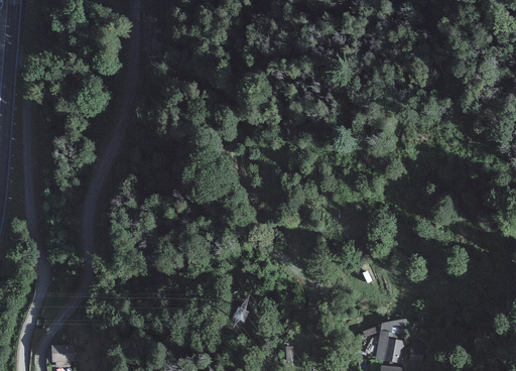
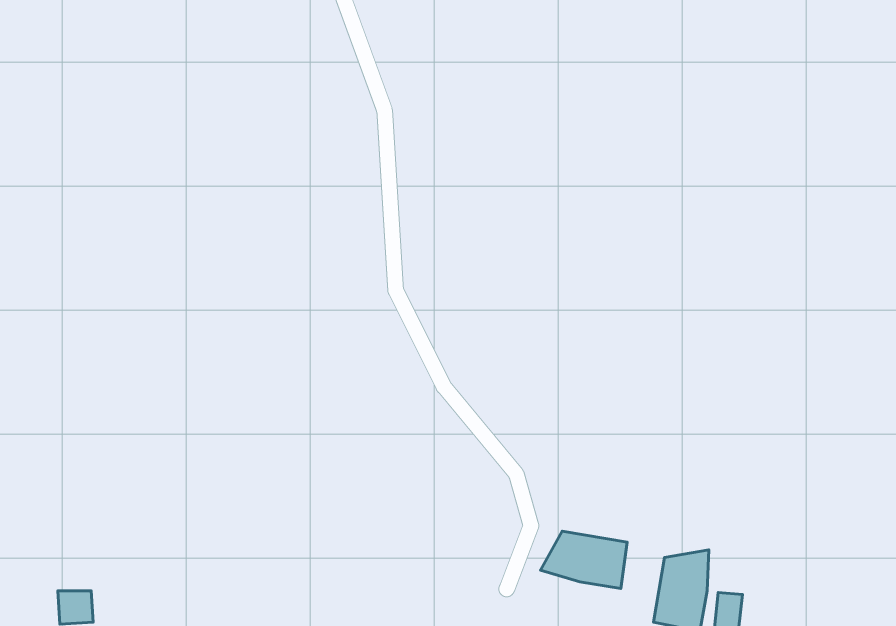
building: none -> [541,531,627,588]

